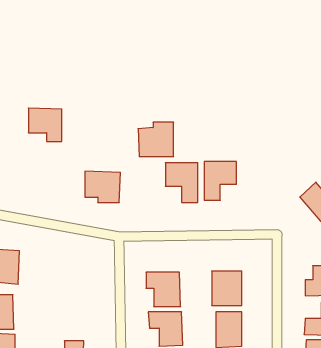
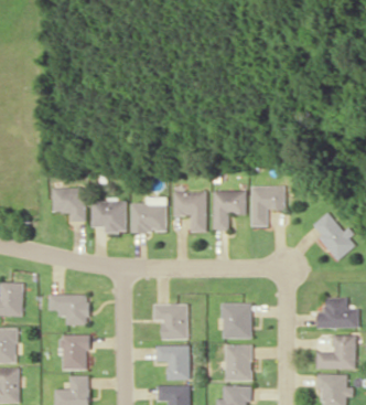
building: [28,108,62,141] -> [52,188,86,222]
building: [138,122,174,157] -> [130,198,166,233]
building: none -> [250,186,284,227]
building: none -> [49,295,88,326]
building: none -> [61,335,88,371]

